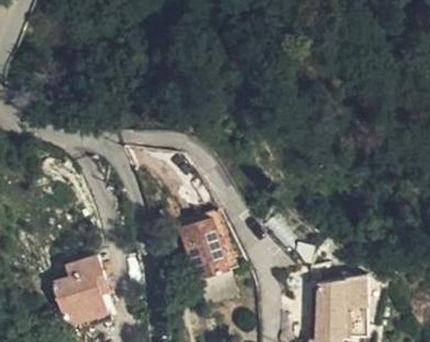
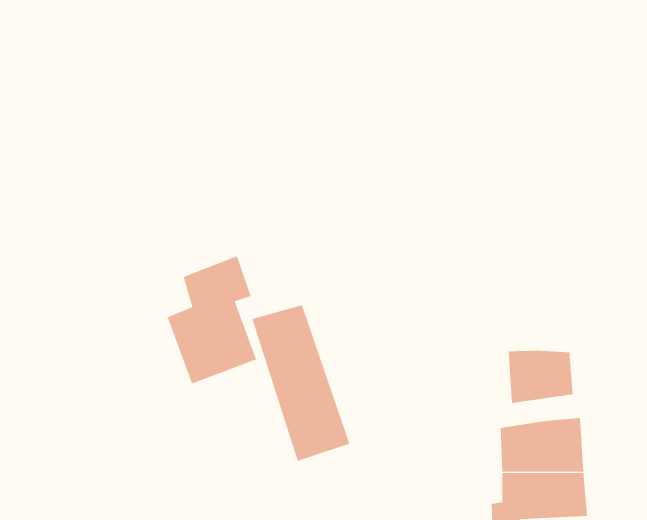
building: none -> [508,350,573,404]
building: [44,249,99,329] -> [167,256,257,384]

